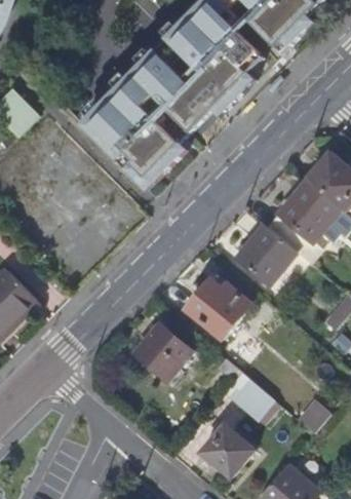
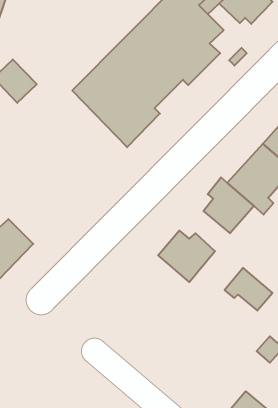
building: [135,324,192,380] -> none
building: [222,374,277,423] -> [225,268,272,311]
building: [201,427,255,479] -> none

